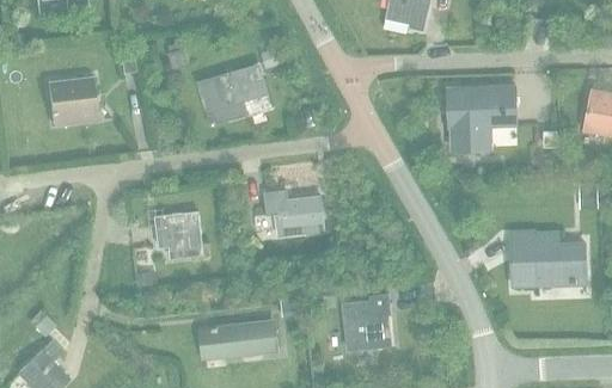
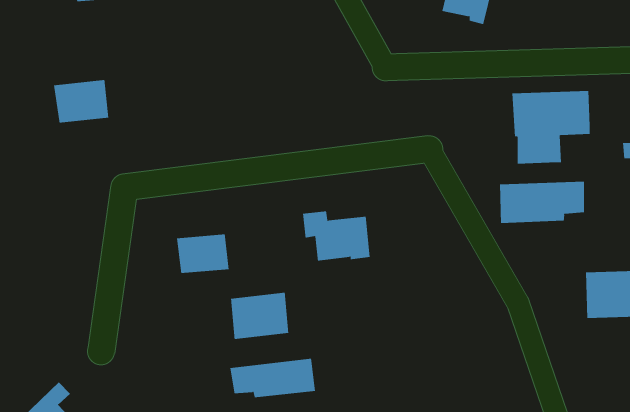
building: [214,64,261,107] -> none
building: none -> [499,181,584,224]
building: none -> [231,292,289,340]
building: [343,300,390,349] -> none

